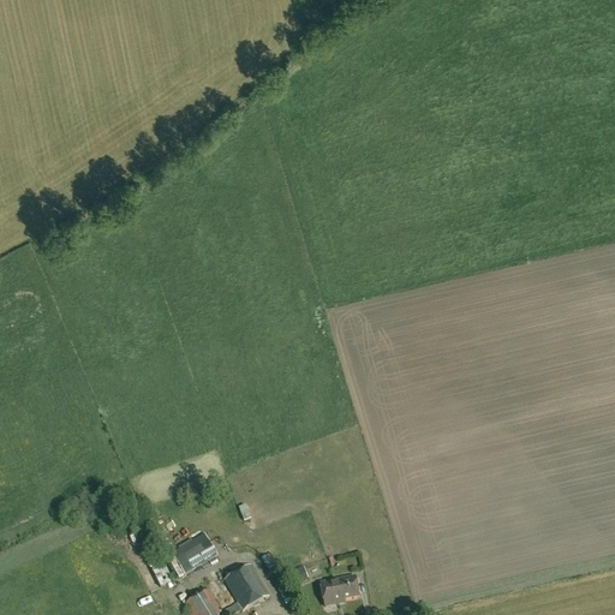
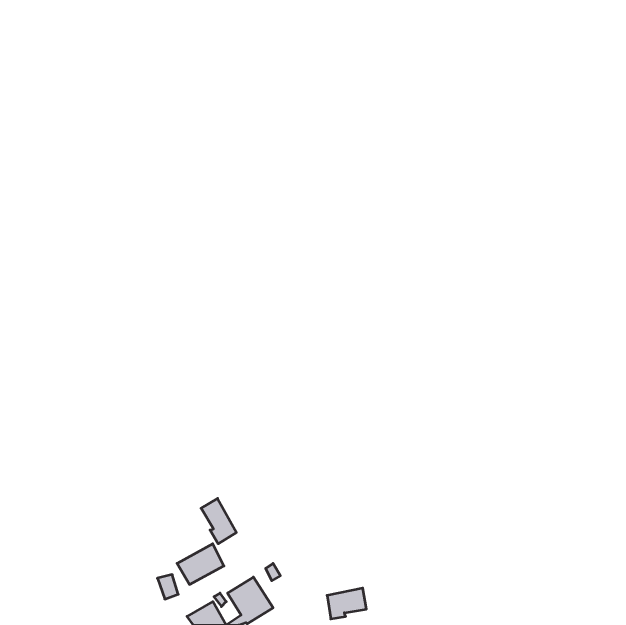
building: none -> [201,498,236,544]

